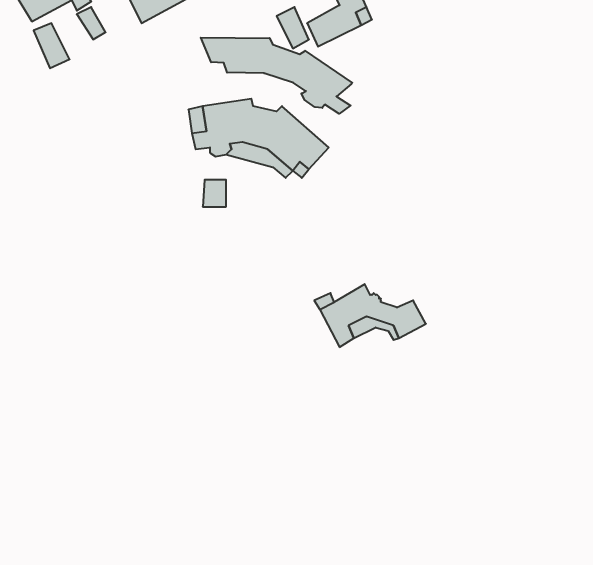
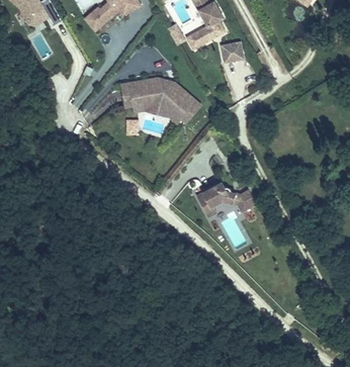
building: [201,38,352,114] -> none
building: none -> [221,41,246,65]

